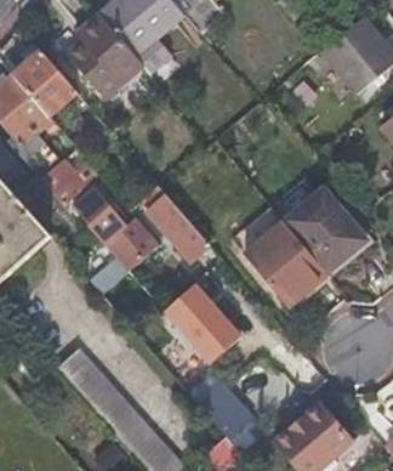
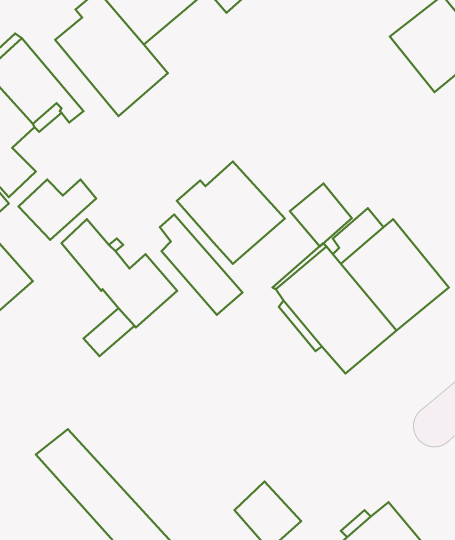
building: none -> [177,161,285,264]
building: none -> [290,183,352,246]
building: [165,284,241,363] -> none

